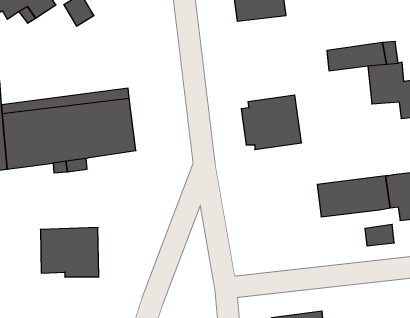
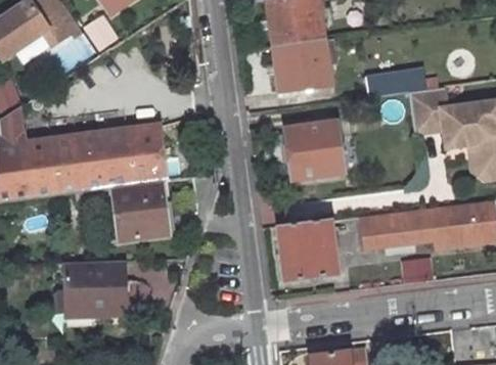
building: none -> [272,39,330,91]
building: none -> [117,181,175,242]
building: none -> [277,220,337,282]

